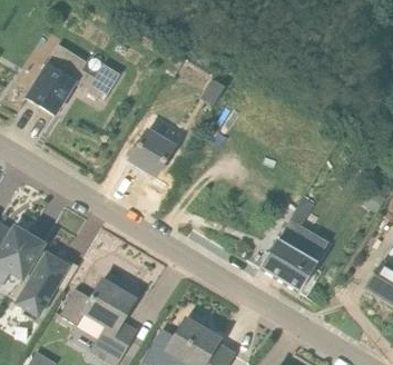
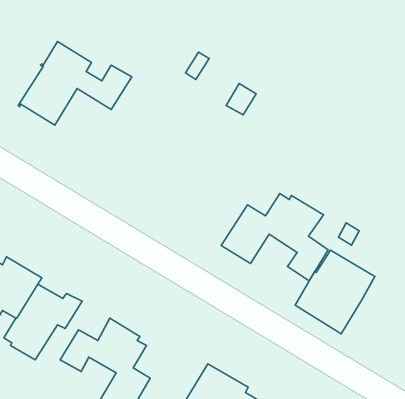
building: [129,117,181,176] -> none
building: none -> [221,193,328,281]

